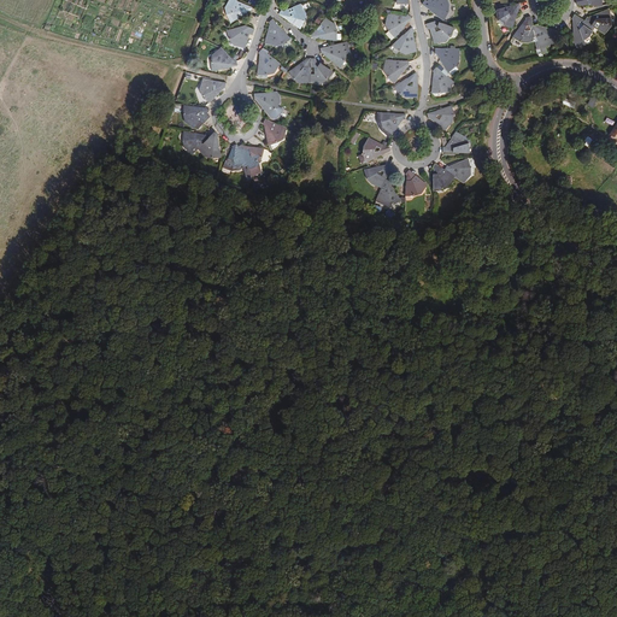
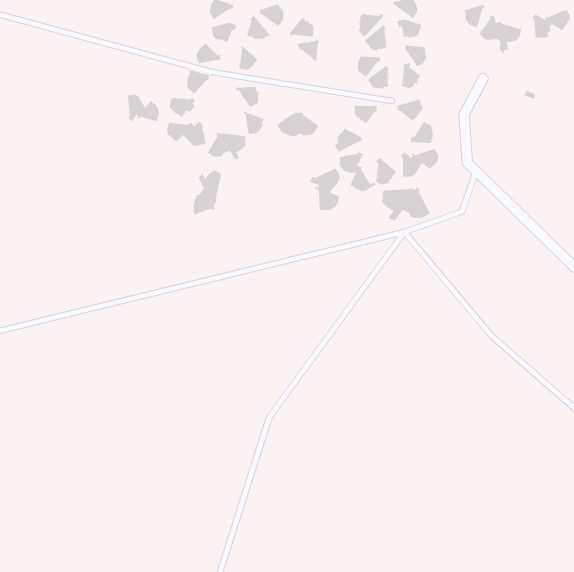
building: [287,57,333,83] -> [276,112,319,137]
building: none -> [128,94,160,122]
building: none -> [309,167,340,211]
building: none -> [193,170,221,216]
building: none -> [382,186,431,221]

